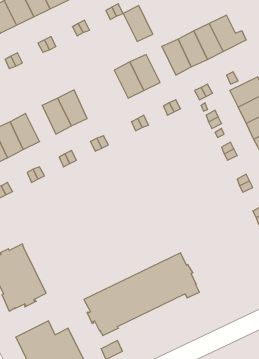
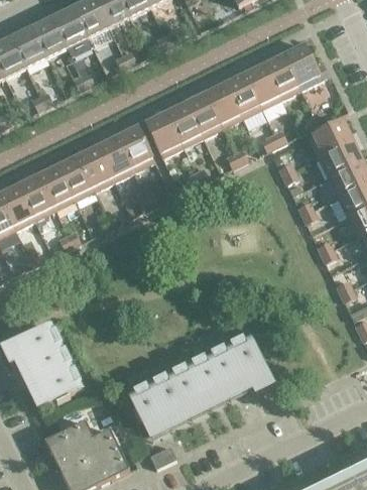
building: [123,5,153,41] -> [206,82,242,126]
building: none -> [145,111,184,155]
building: none -> [117,125,154,170]
building: none -> [57,154,95,199]

